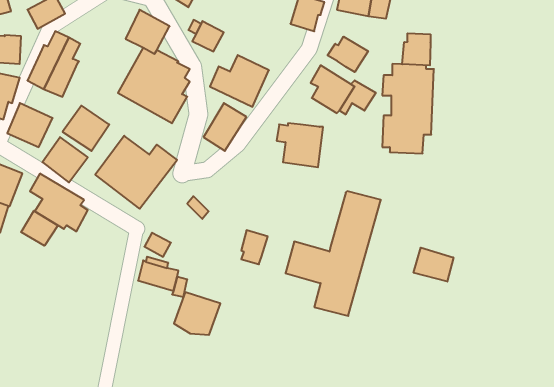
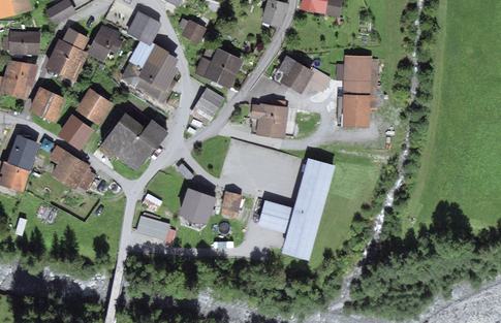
building: none -> [86,25,121,62]
building: [402,33,430,65] -> none
building: [328,37,368,72] -> none
building: [21,211,58,246] -> none
building: [414,248,453,282] -> none
building: [174,292,220,335] -> [178,188,216,223]

